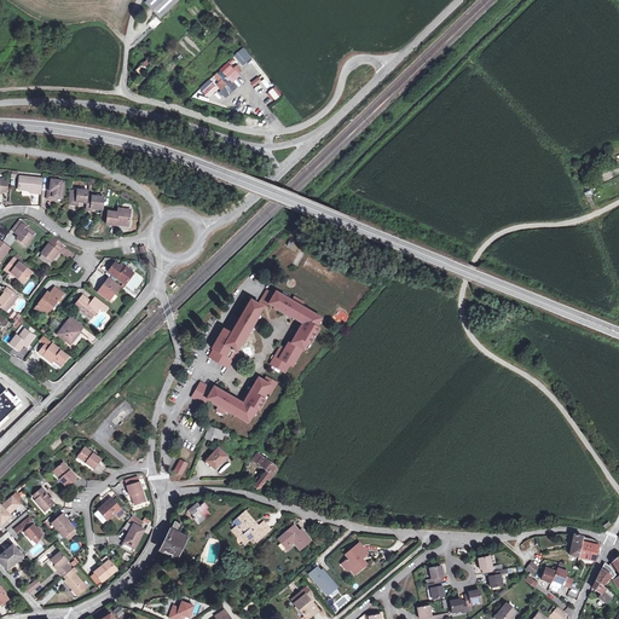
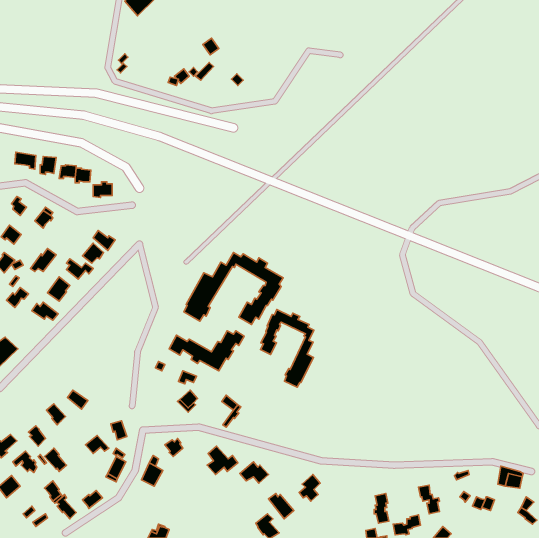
building: none -> [261,310,314,387]

